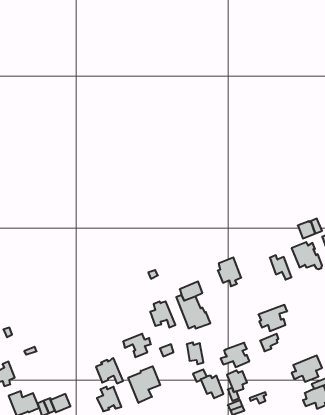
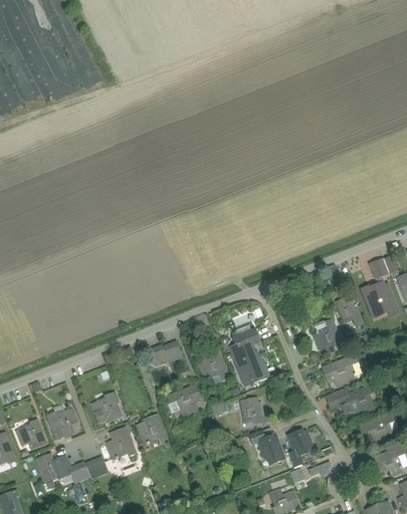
building: [218,257,241,286] -> [313,318,340,351]
building: none -> [149,341,181,363]
building: none -> [91,394,119,422]
building: [221,343,249,367] -> [341,386,374,414]
building: none -> [47,410,72,438]
building: [128,366,160,403] -> none
building: [97,387,121,411] -> [107,430,135,458]

